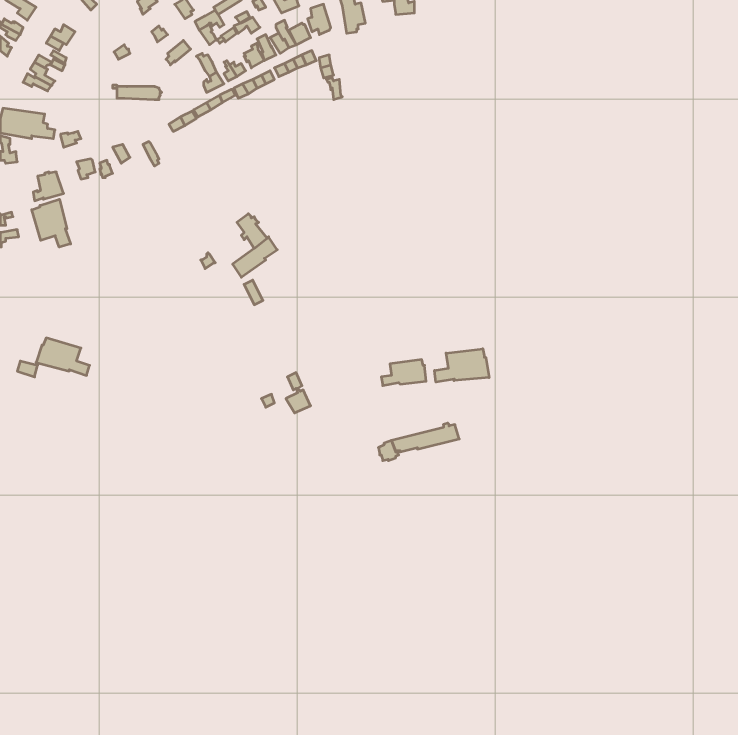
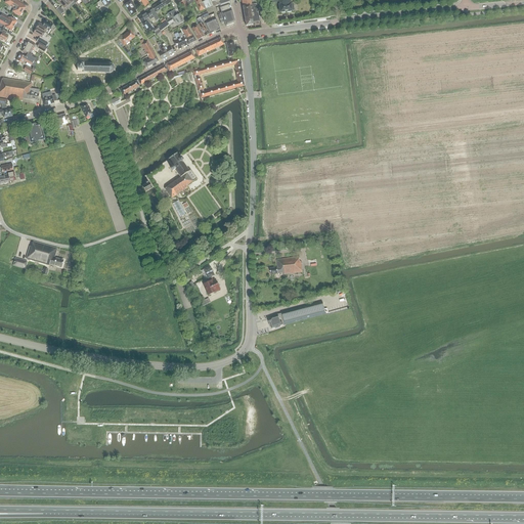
building: [32,199,71,247] -> none
building: [435,349,489,382] -> none

